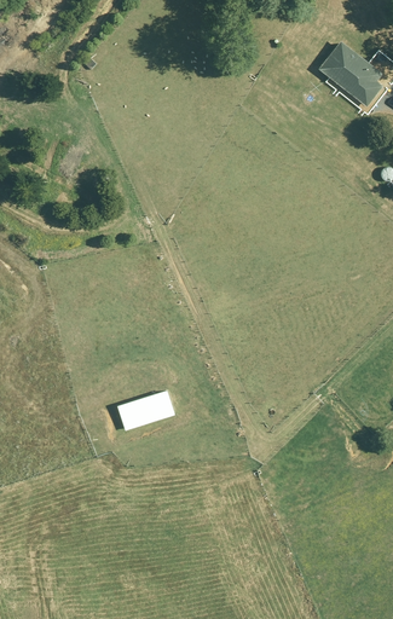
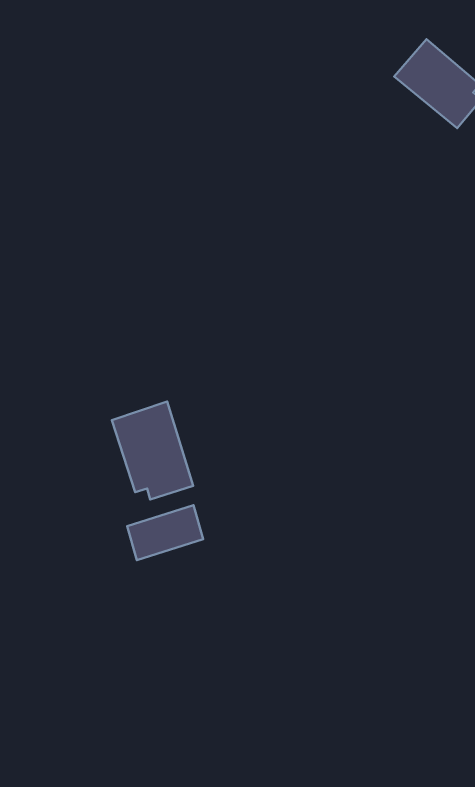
building: none -> [112,401,193,499]

